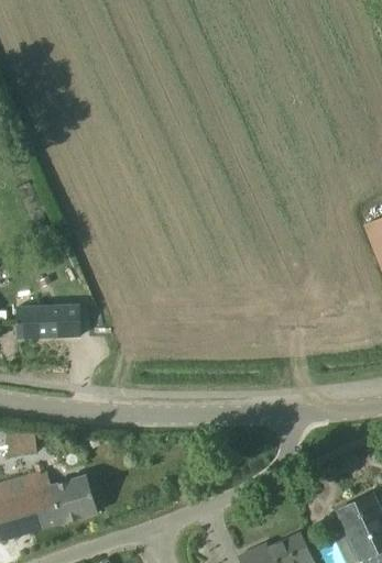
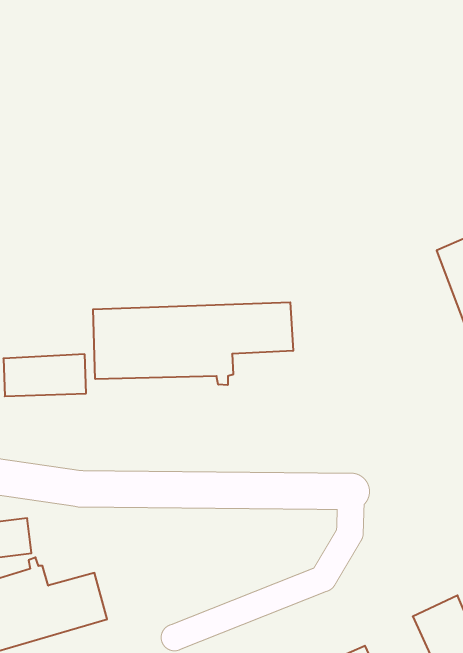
building: none -> [93,302,293,385]

